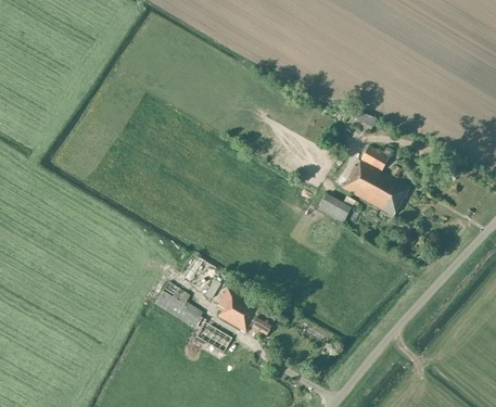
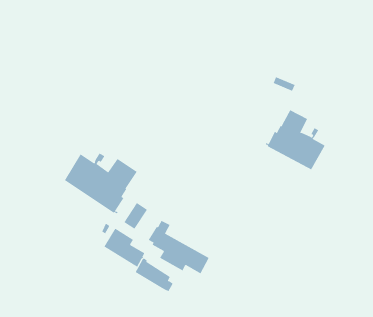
building: [318,194,351,222] -> none
building: none -> [64,152,137,214]

